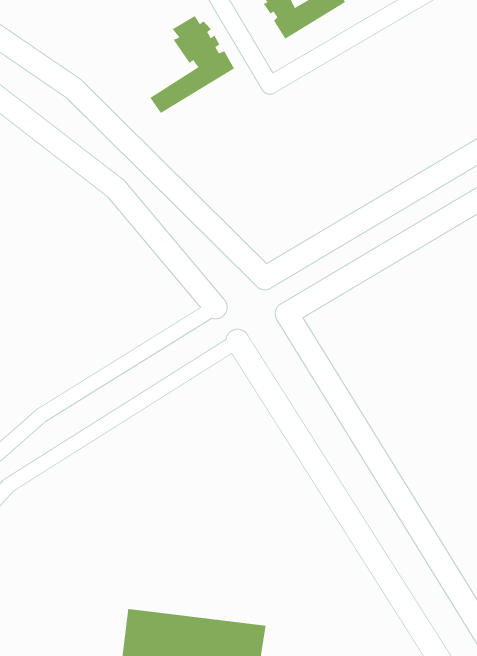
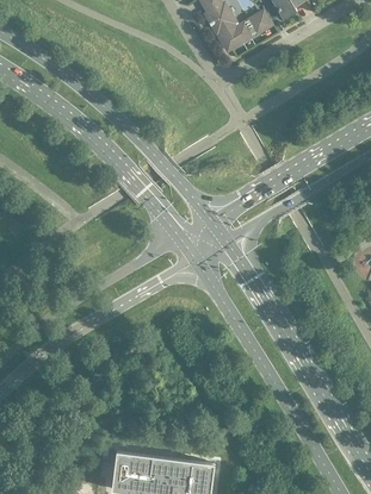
building: [149,15,235,114] -> none

